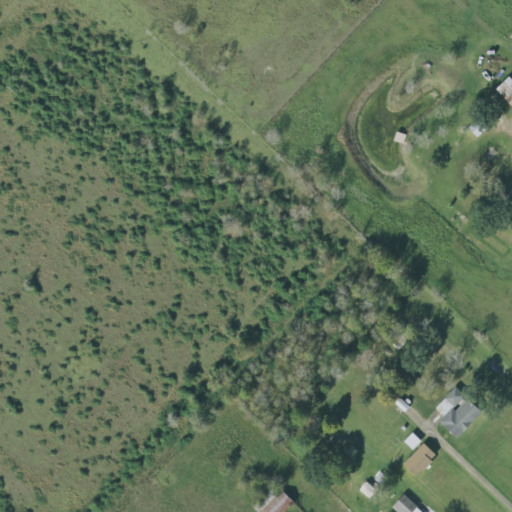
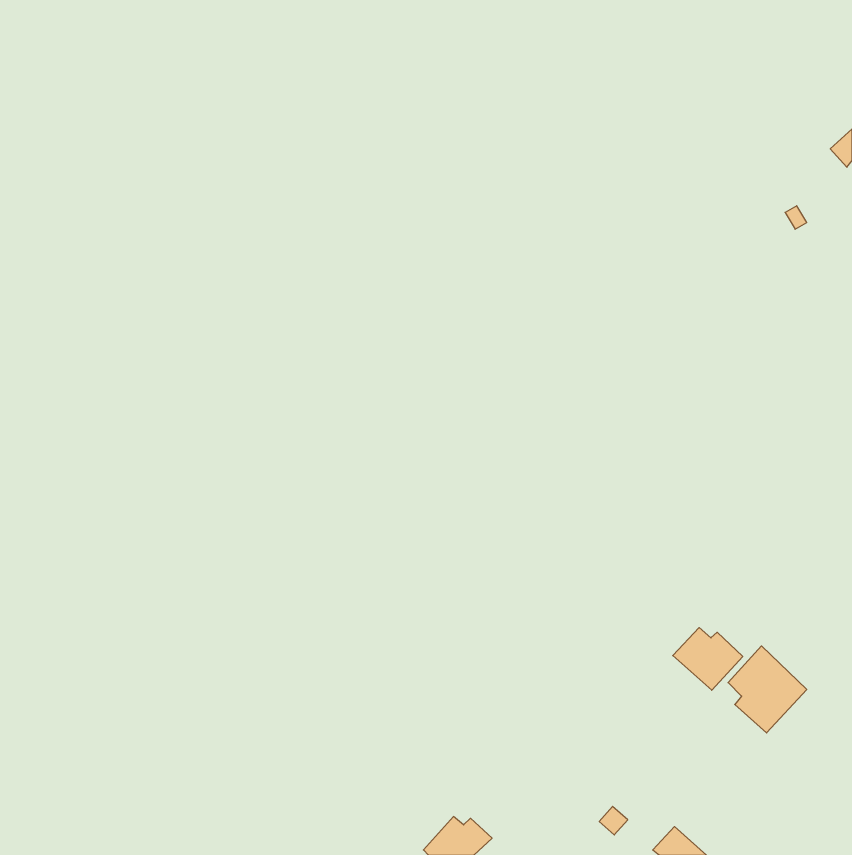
building: none -> [673,628,743,690]
building: [403,443,437,476] -> none

